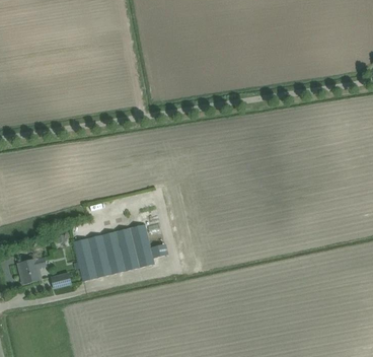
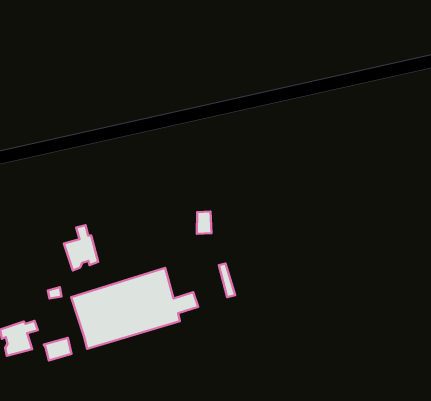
building: none -> [64,225,98,271]

